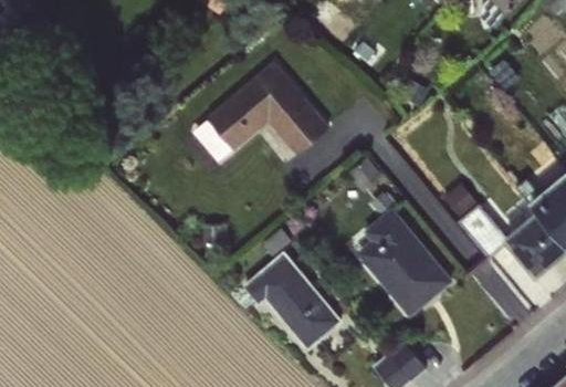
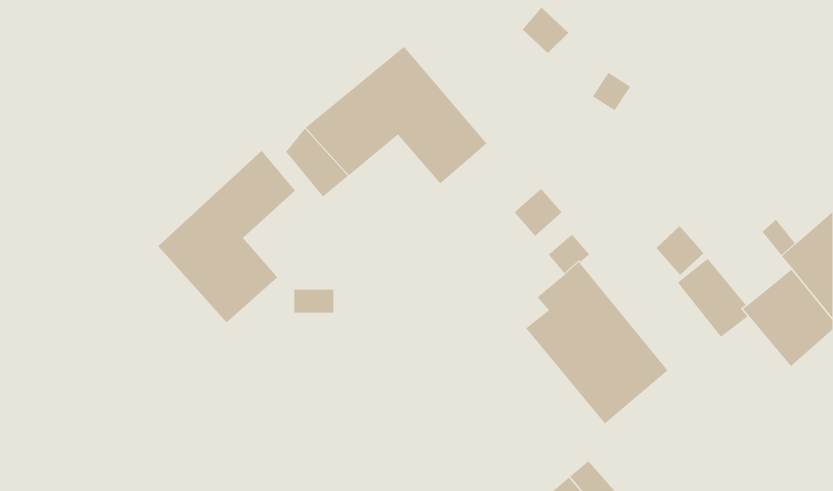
building: none -> [157,150,296,323]
building: [243,251,343,351] -> none

